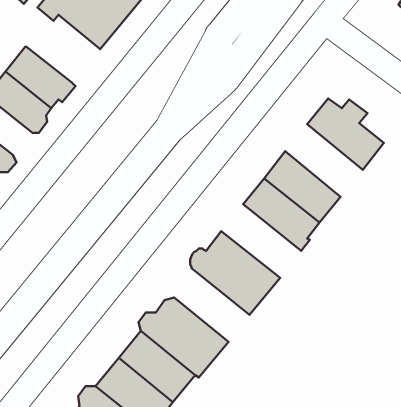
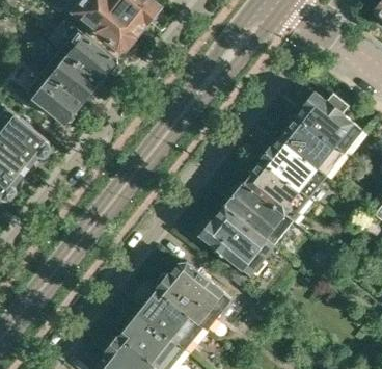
building: none -> [53,23,117,80]
building: none -> [278,115,344,177]
building: none -> [224,183,292,245]

